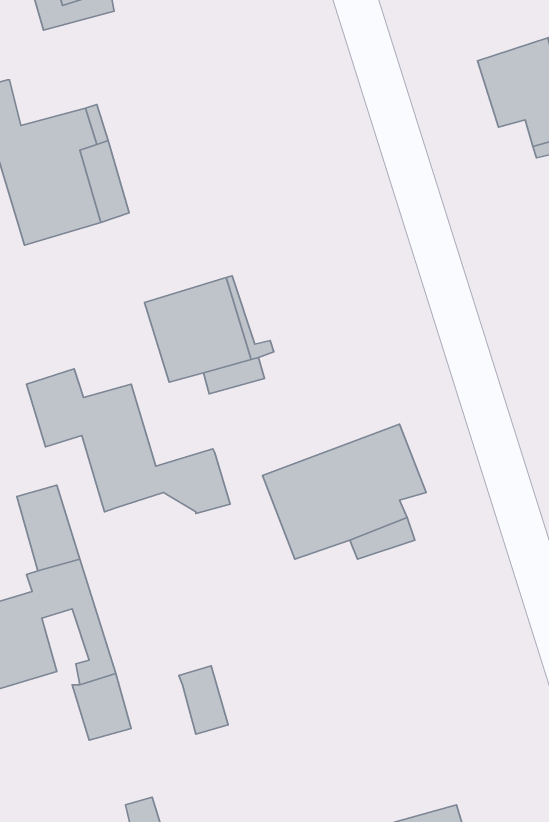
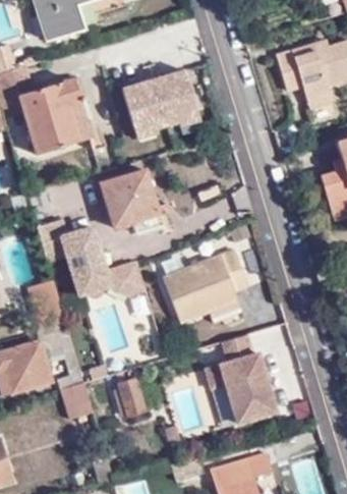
building: none -> [121,65,207,144]
building: none -> [206,352,277,424]

